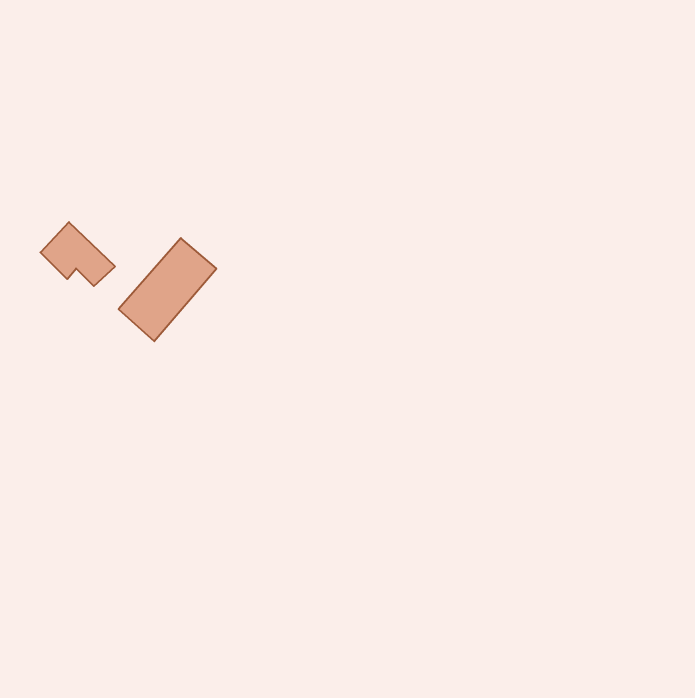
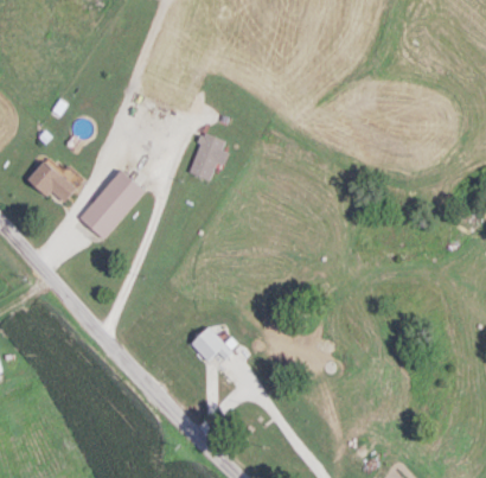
building: none -> [188,132,229,180]
building: none -> [192,329,234,358]

